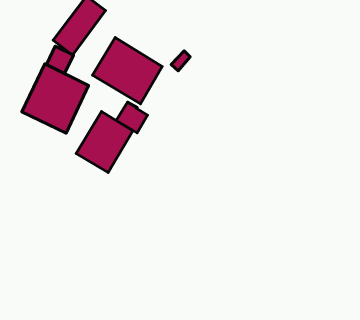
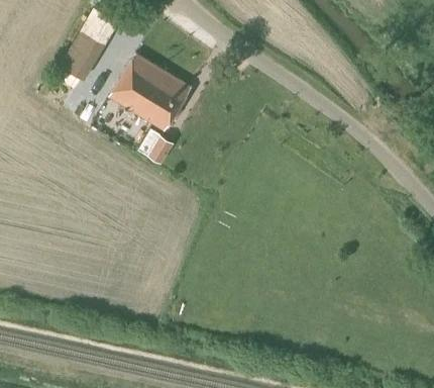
building: [22,64,89,133] -> none
building: [76,111,133,173] -> none

